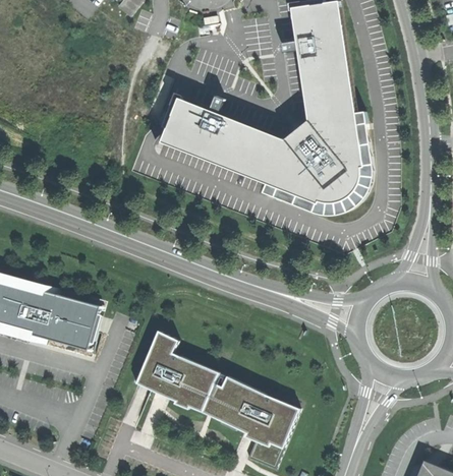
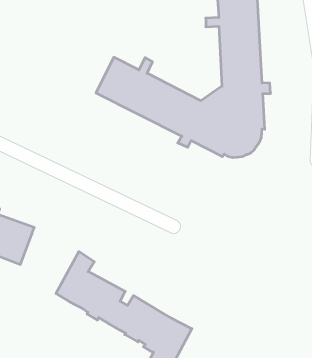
building: [274,124,373,215] -> none

